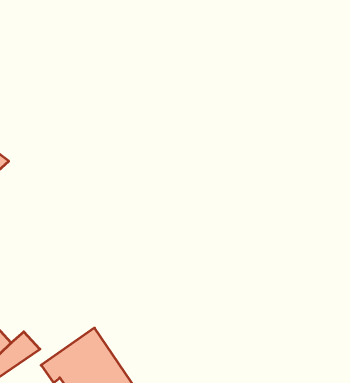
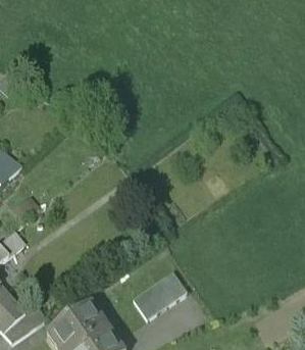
building: none -> [135,269,189,317]

